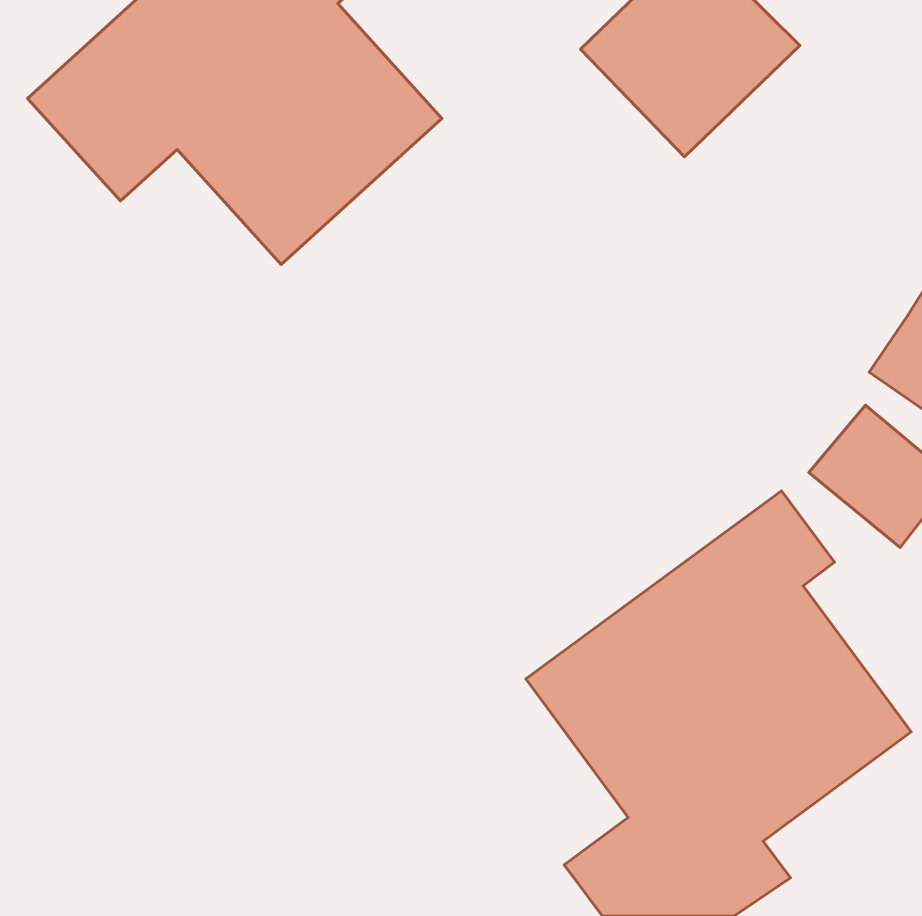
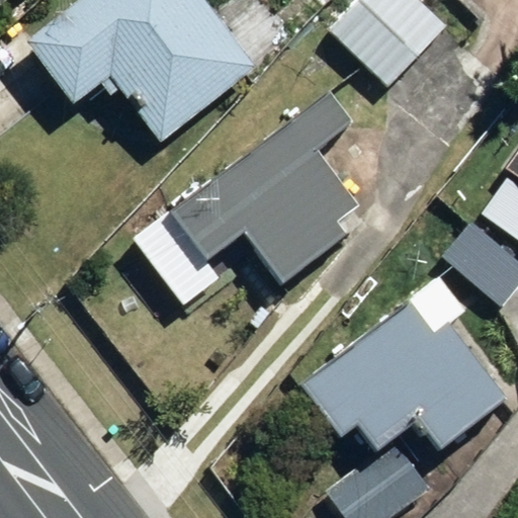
building: none -> [170,90,361,286]

